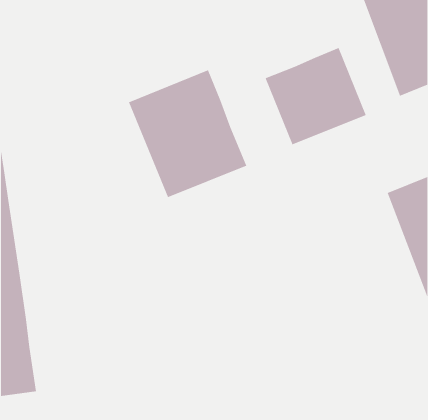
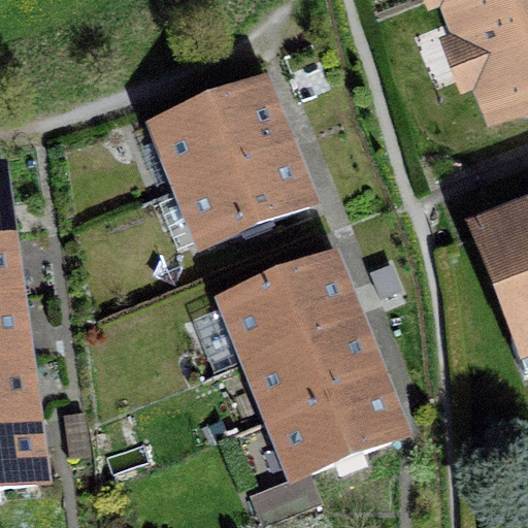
building: [265,47,367,145] -> none
building: none -> [229,257,395,467]

